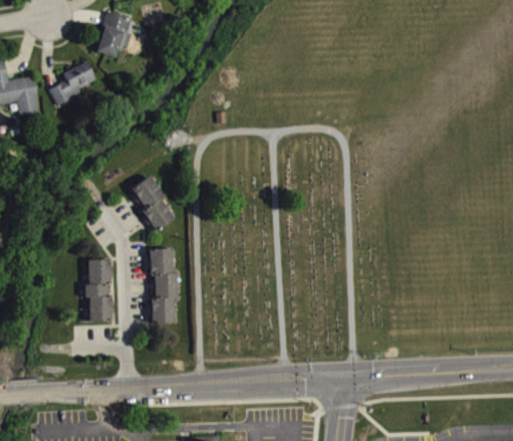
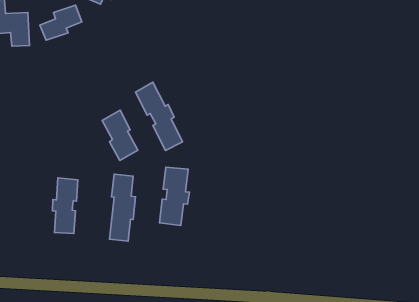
building: none -> [135,82,183,150]
building: none -> [159,167,189,226]

